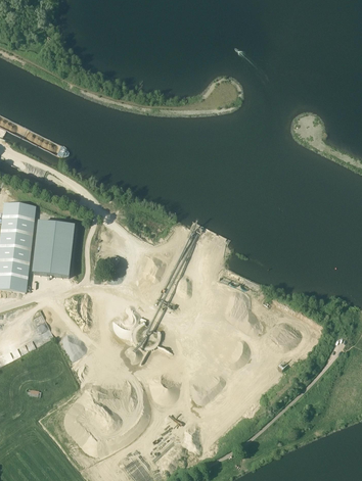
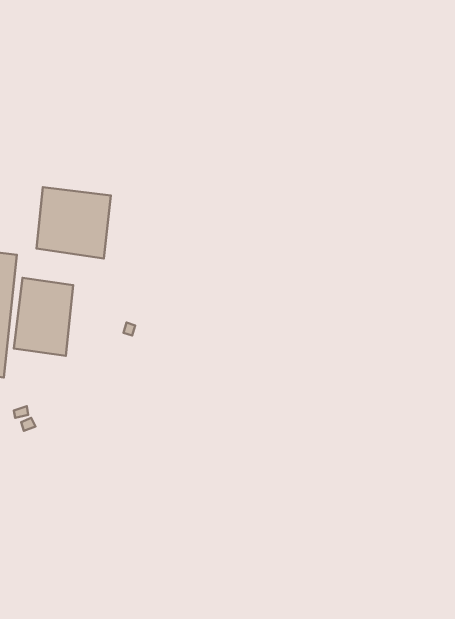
building: none -> [36,187,111,259]

